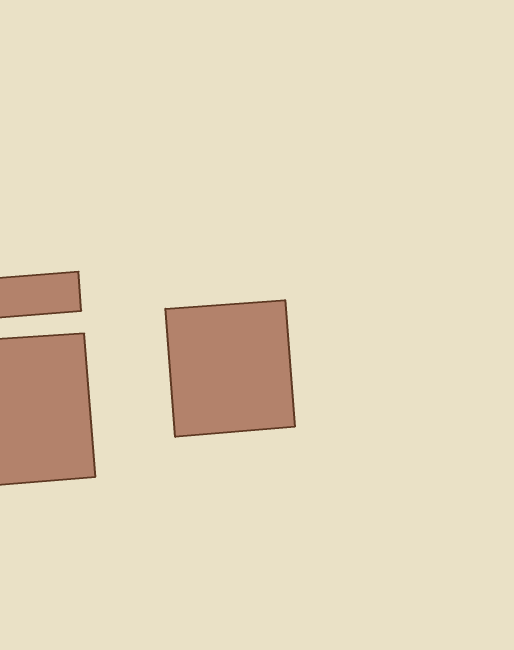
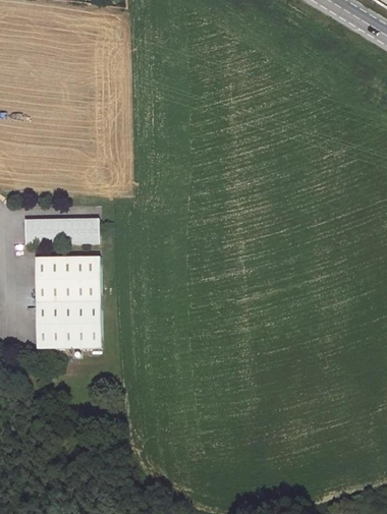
building: [165,300,295,437] -> none

